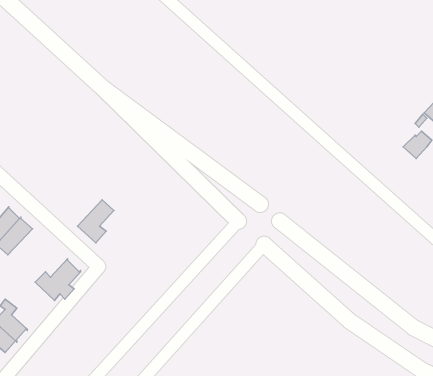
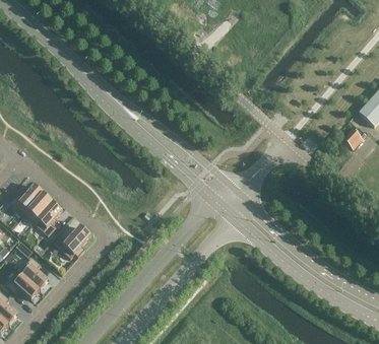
building: [78,200,114,243] -> [34,202,62,235]

